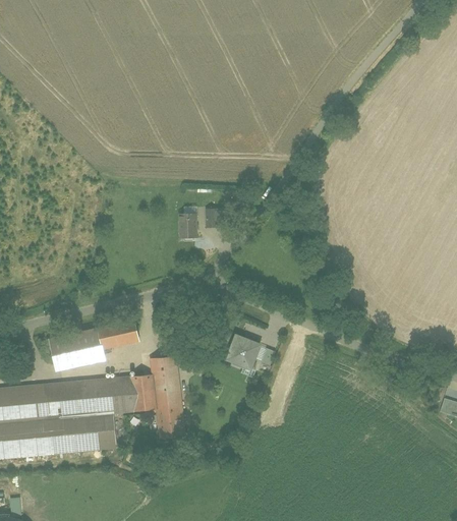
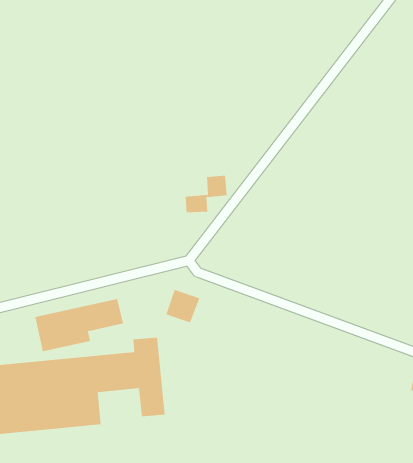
building: [179,212,197,237] -> none
building: [226,333,263,368] -> [165,289,200,323]

